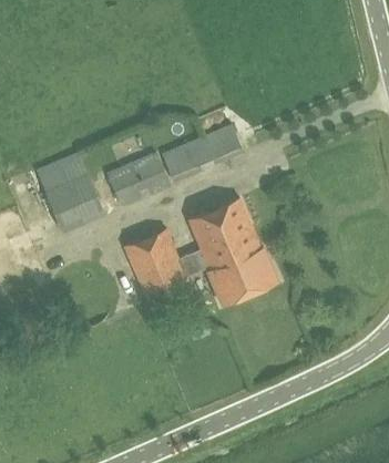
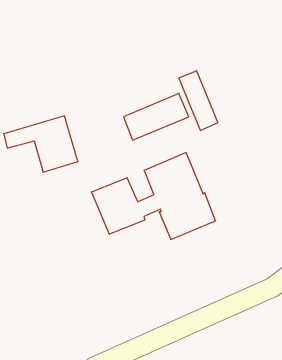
building: none -> [179,71,218,131]
building: [106,151,170,208] -> none

